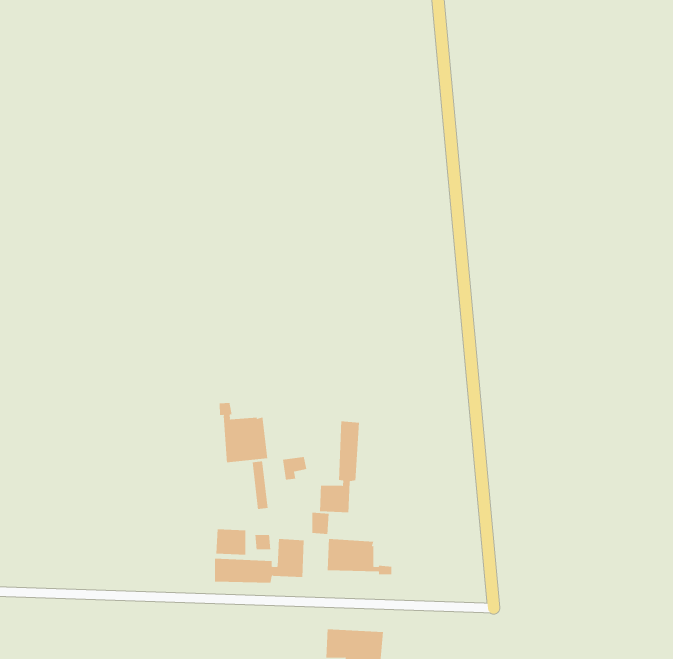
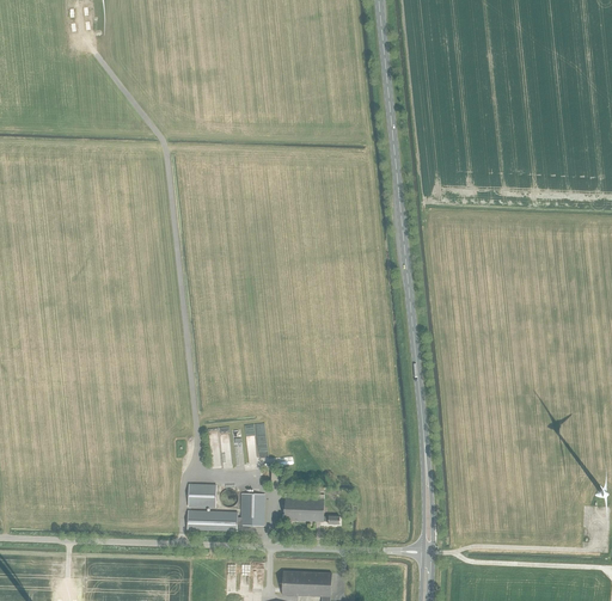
building: [219,402,268,463] -> none
building: [319,420,359,513] -> none

